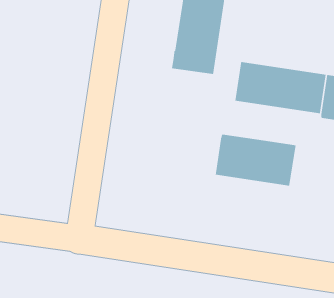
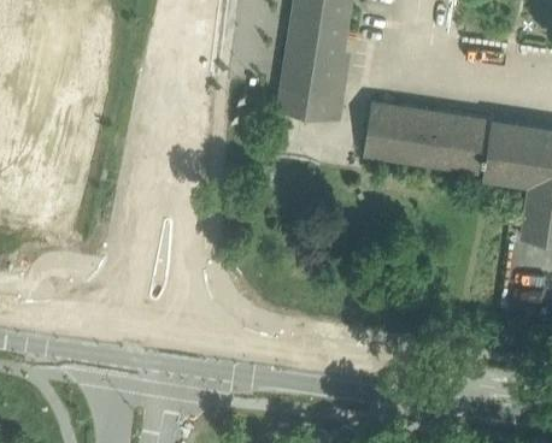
building: [215,134,296,186] -> none

